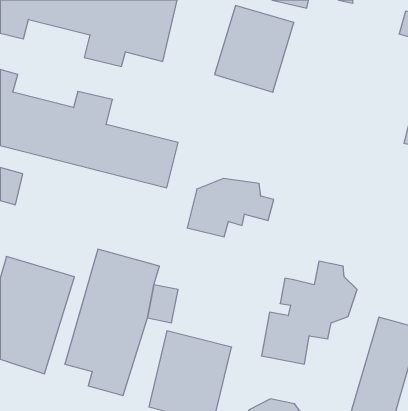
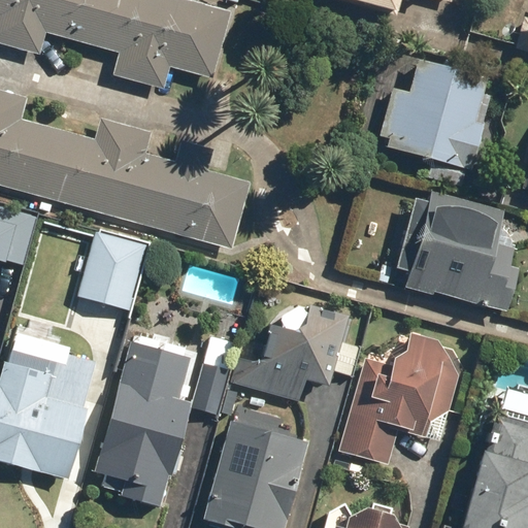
building: [215,6,294,92] -> [388,55,489,165]
building: none -> [402,197,508,314]
building: none -> [80,225,151,306]
building: [187,178,274,237] -> [251,319,361,393]

